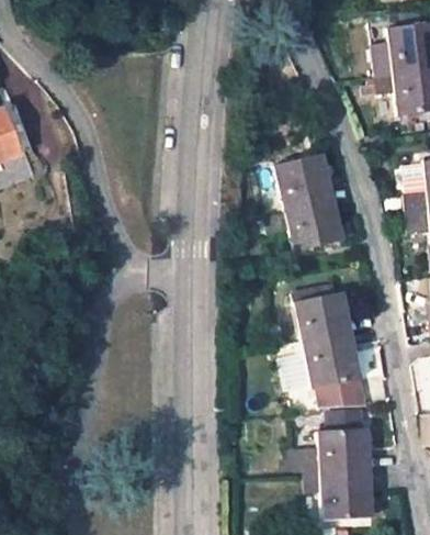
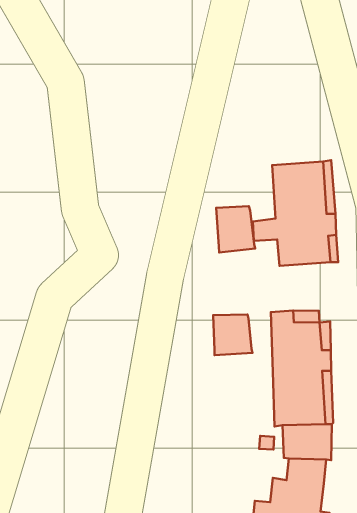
building: none -> [216,206,255,252]
building: none -> [213,314,253,355]

